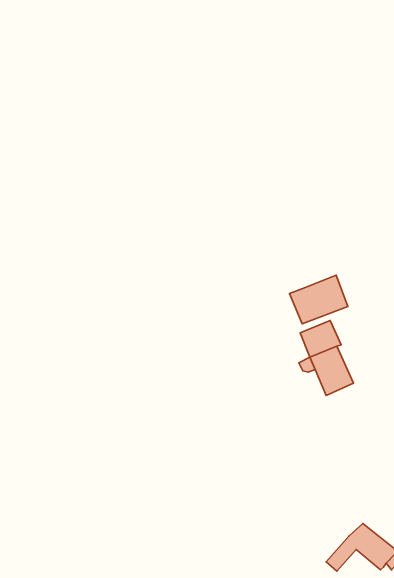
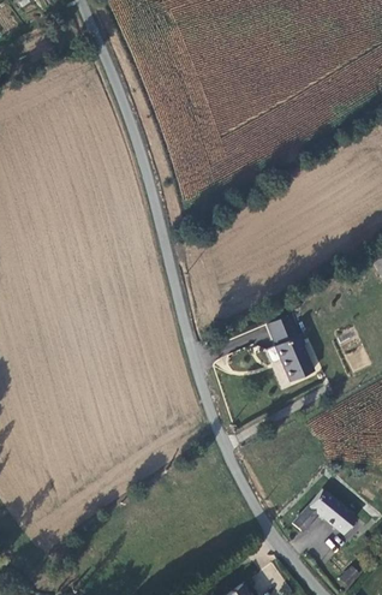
building: [289,275,348,324] -> none

